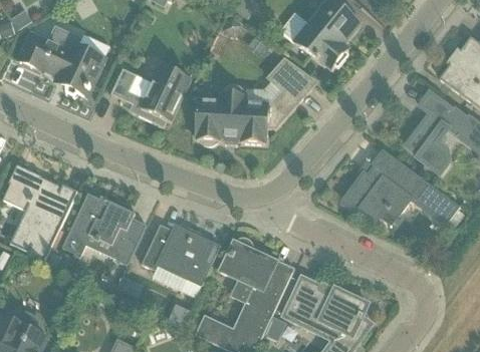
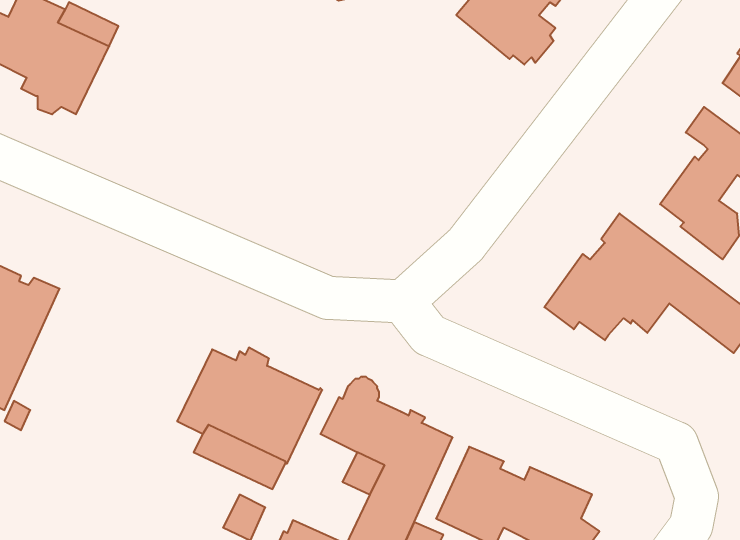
building: [194,57,315,143] -> none
building: [109,63,191,125] -> none
building: [61,192,146,264] -> none

